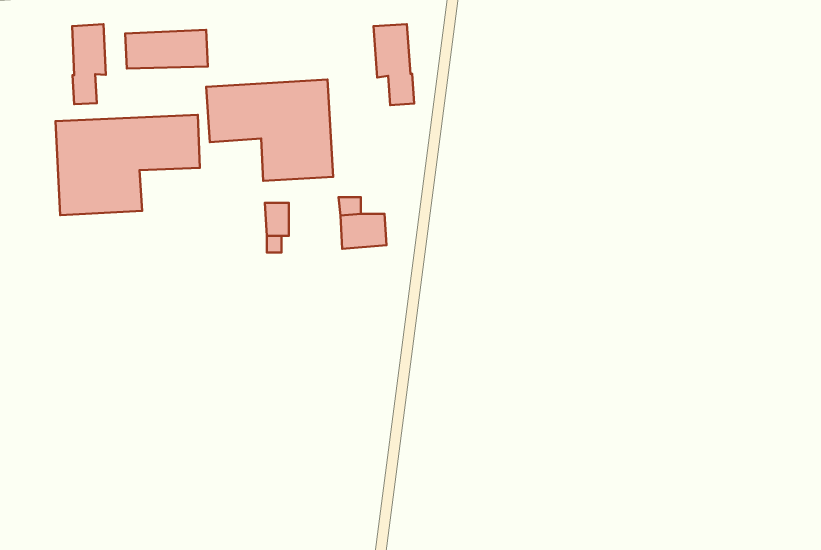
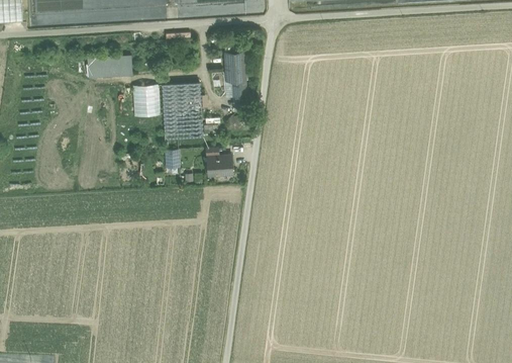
building: [72,24,106,104] -> none
building: [55,115,200,215] -> none

